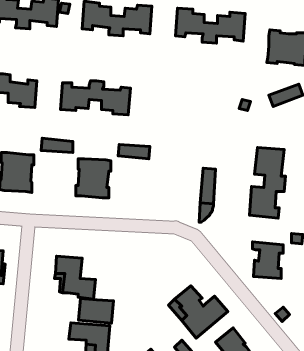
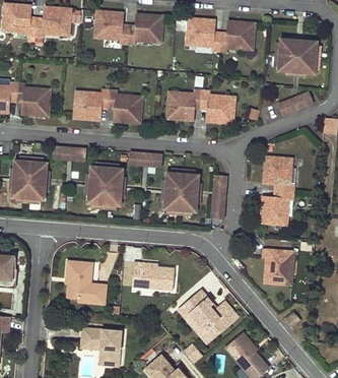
building: none -> [164,89,233,123]
building: none -> [162,171,198,210]
building: [78,299,113,323] -> [140,266,175,291]

